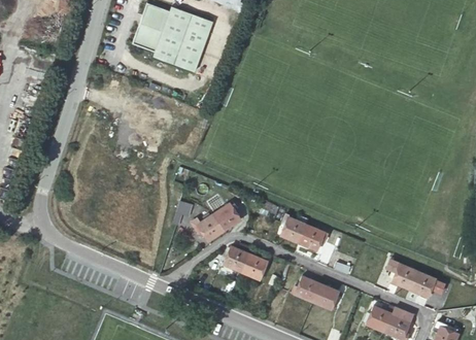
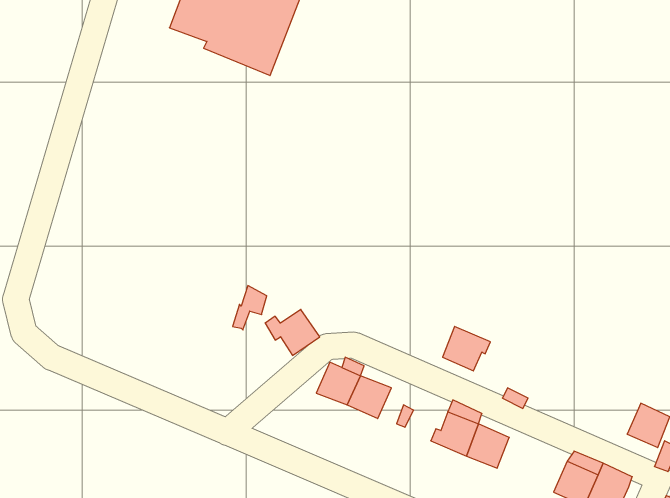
building: [213,203,241,231] -> none
building: [280,214,306,243] -> none
building: [384,253,418,290] -> none

